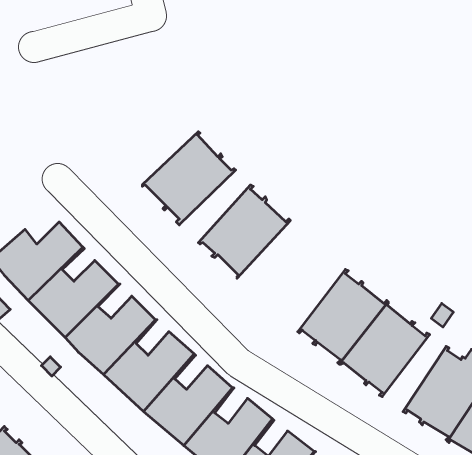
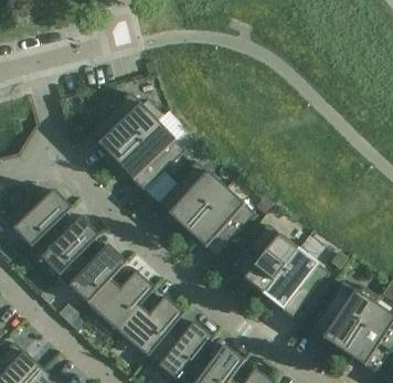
building: none -> [88,93,163,161]
building: none -> [187,188,256,257]

